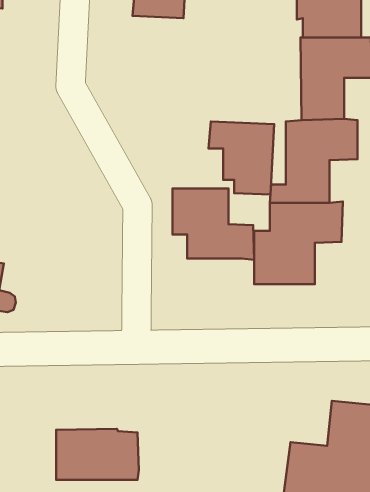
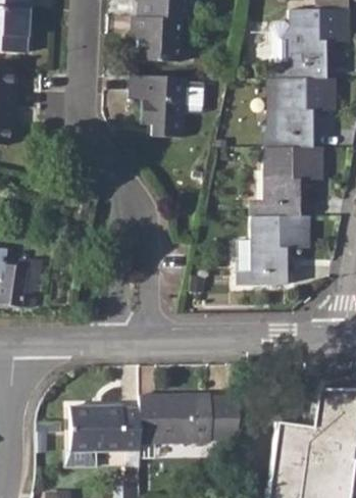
building: [209,122,274,195] -> [131,76,186,137]
building: [173,188,254,260] -> none
building: none -> [140,396,240,442]

